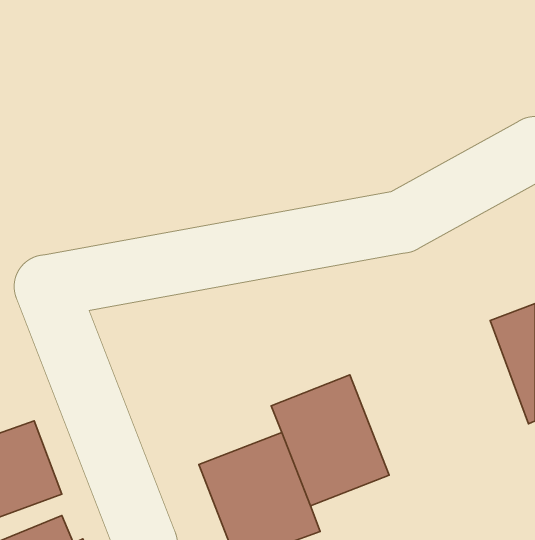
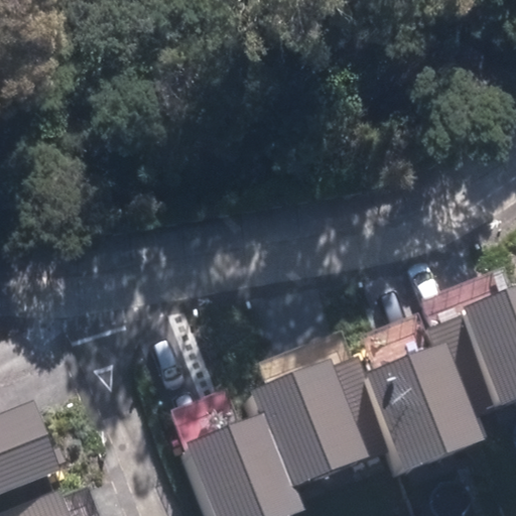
building: none -> [364,341,483,468]

